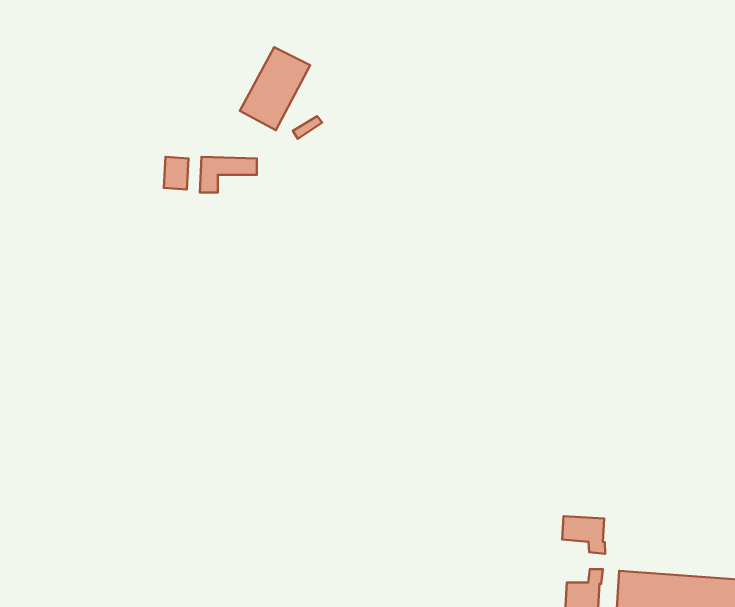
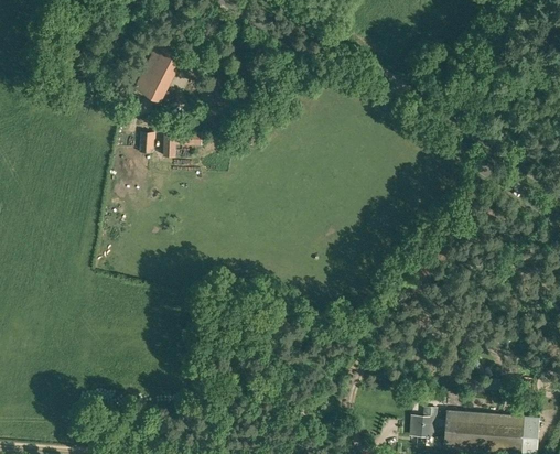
building: [240,47,310,130] -> [136,43,183,99]
building: [562,516,605,554] -> none

